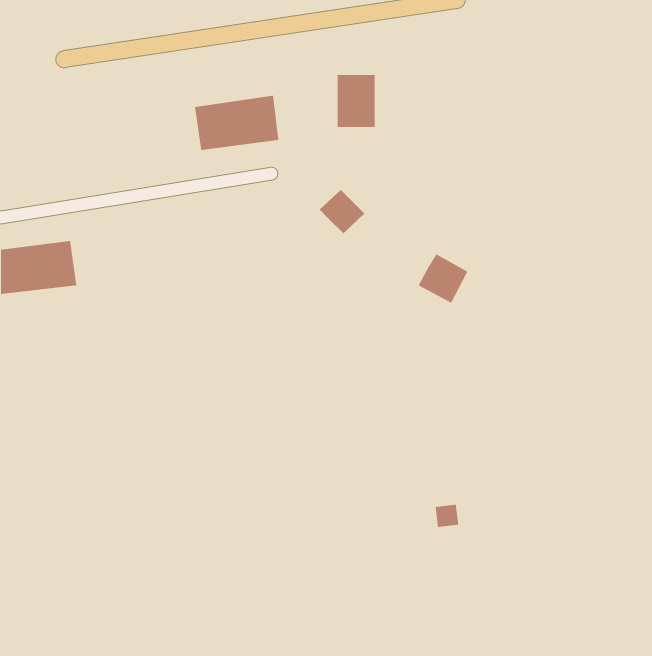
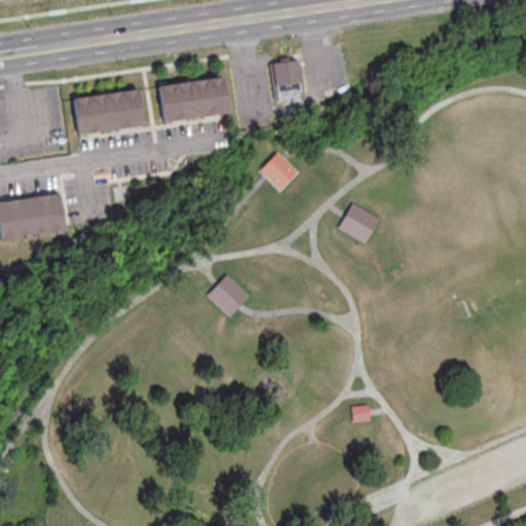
building: none -> [74,88,144,135]
building: none -> [206,274,250,316]

